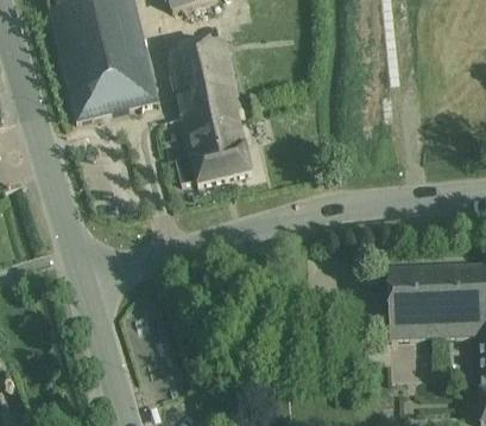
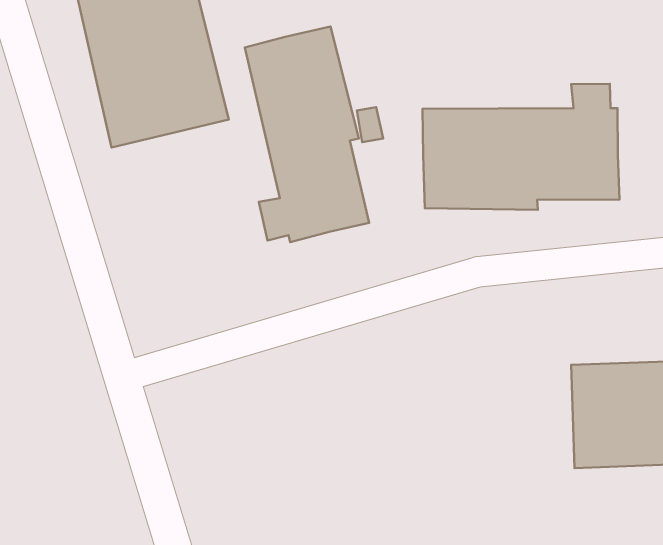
building: none -> [422,84,620,210]

